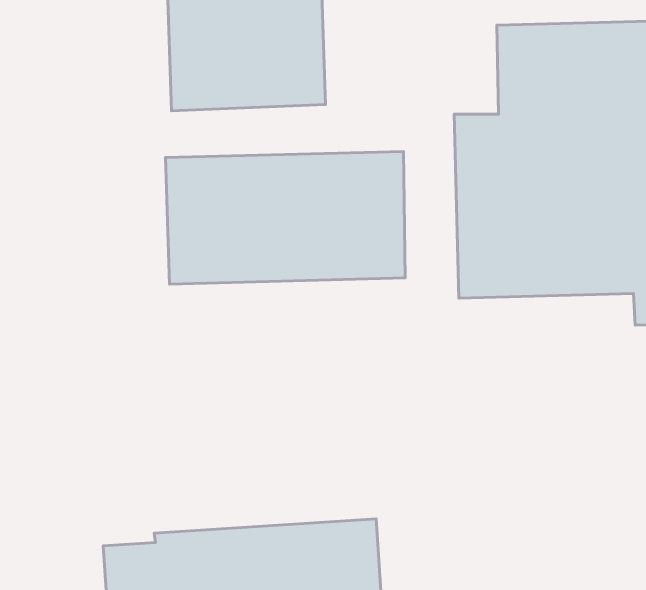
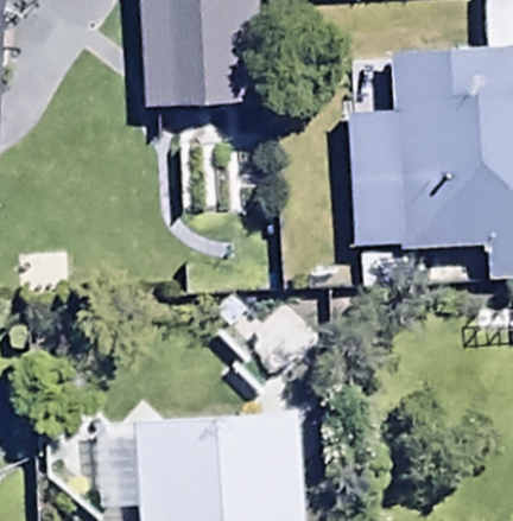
building: [166,151,405,284] -> none

